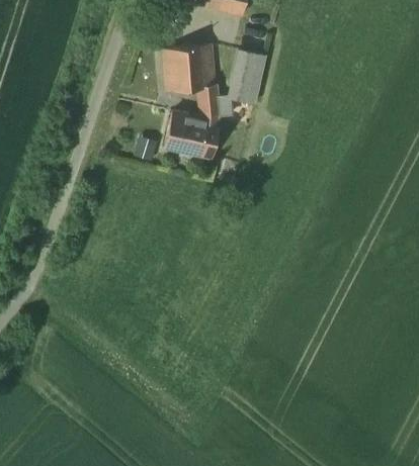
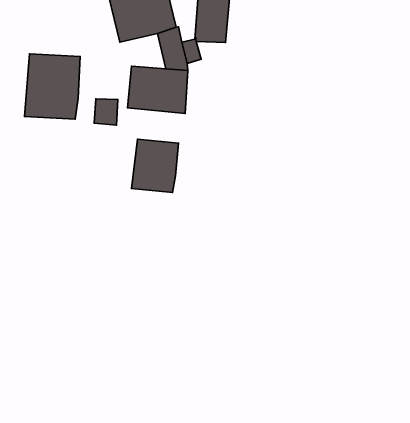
building: none -> [25,54,80,119]
building: none -> [131,139,178,192]

